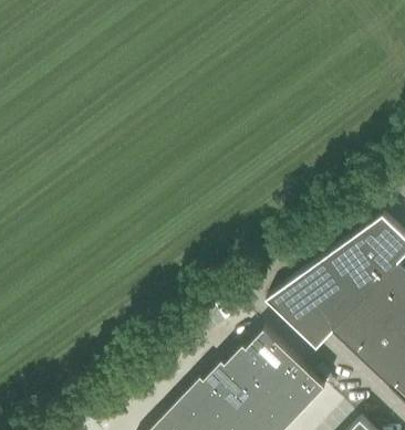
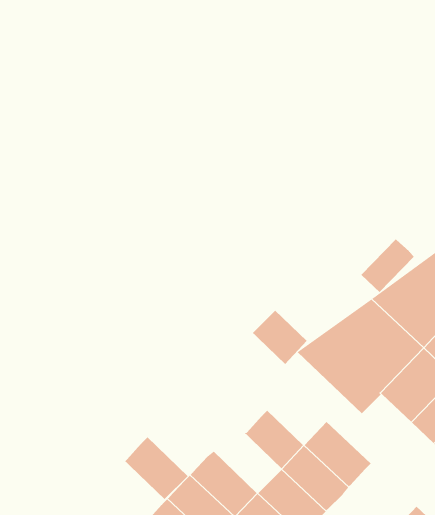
building: none -> [361,238,415,293]
building: [243,331,290,374] -> [248,310,308,365]
building: [201,361,255,411] -> [121,437,188,500]

